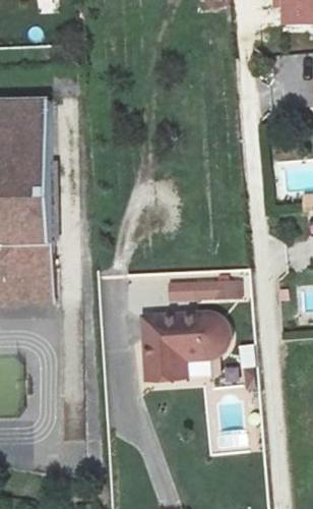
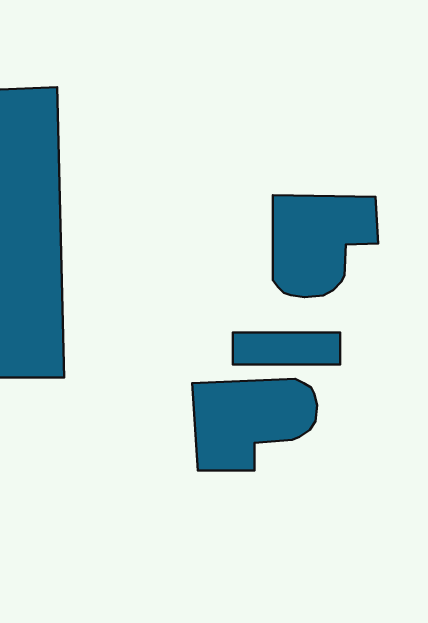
building: none -> [273,195,378,297]

